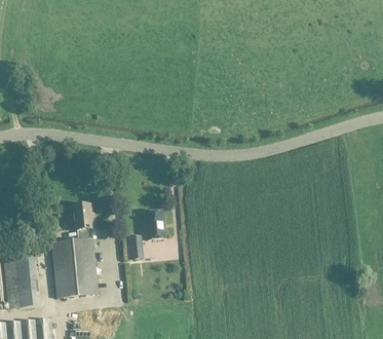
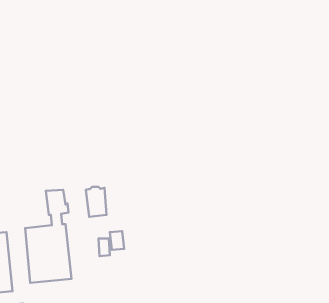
building: [144,210,164,239] -> [86,187,107,217]

